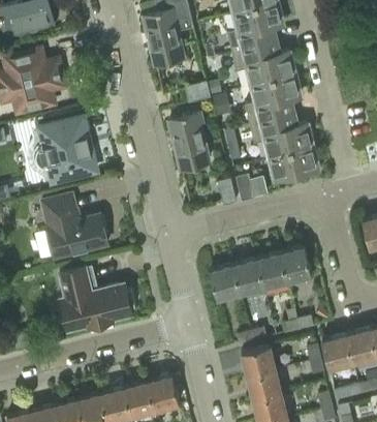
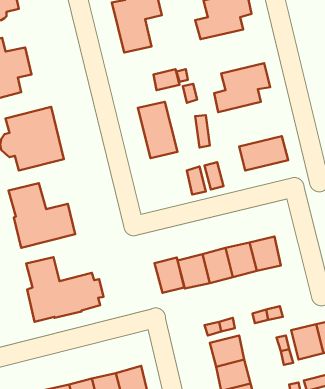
building: [231,43,294,87] -> none
building: [249,115,312,159] -> none
building: none -> [155,258,184,293]

